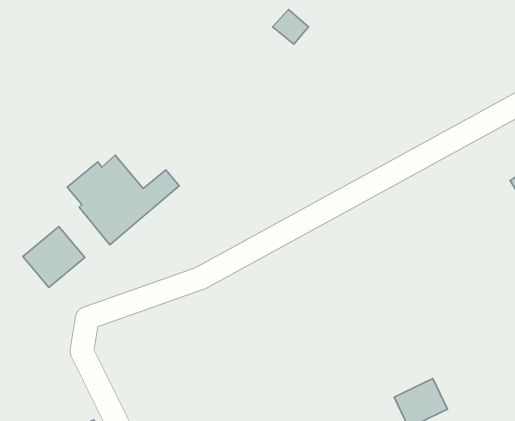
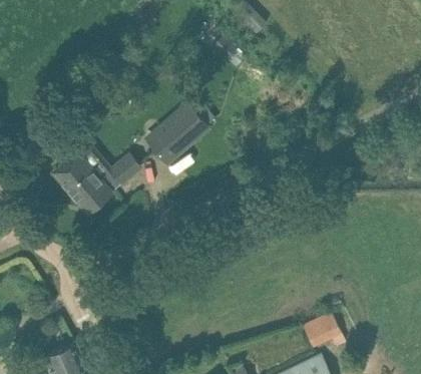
building: none -> [143,102,212,167]
building: [23,227,85,287] -> none

